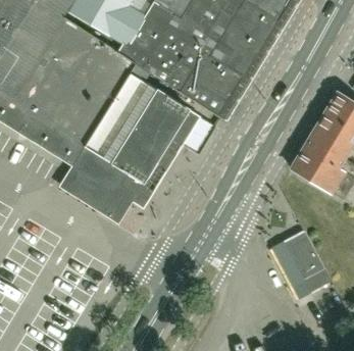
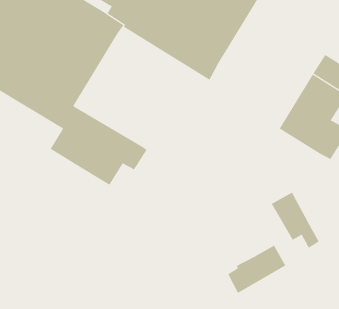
building: [86,71,197,184] -> none
building: none -> [228,245,286,294]

